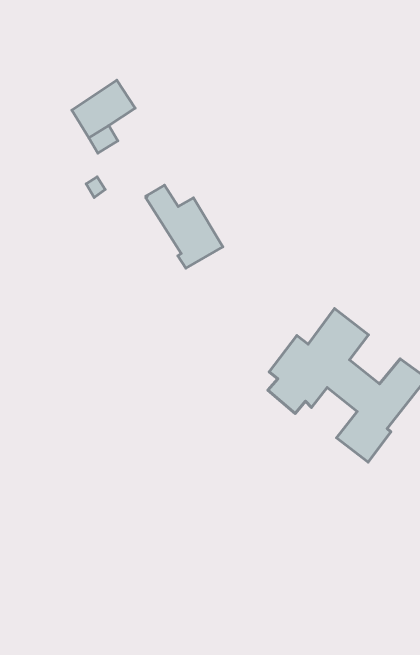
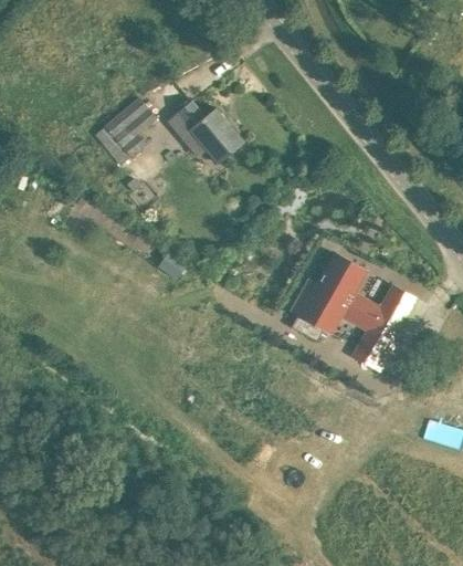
building: [146,185,223,268] -> [177,101,243,164]

